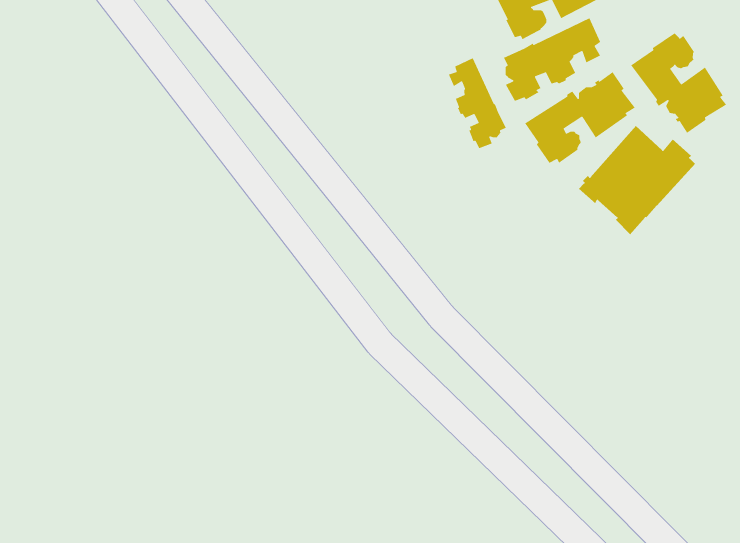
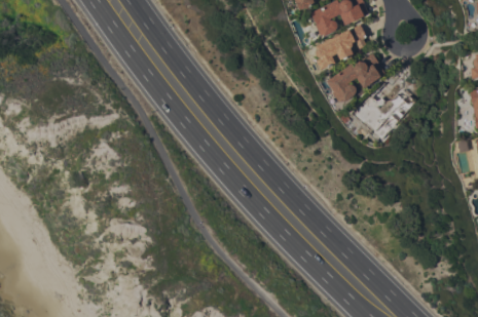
building: [630,33,727,134] -> none
building: [448,57,507,149] -> none

